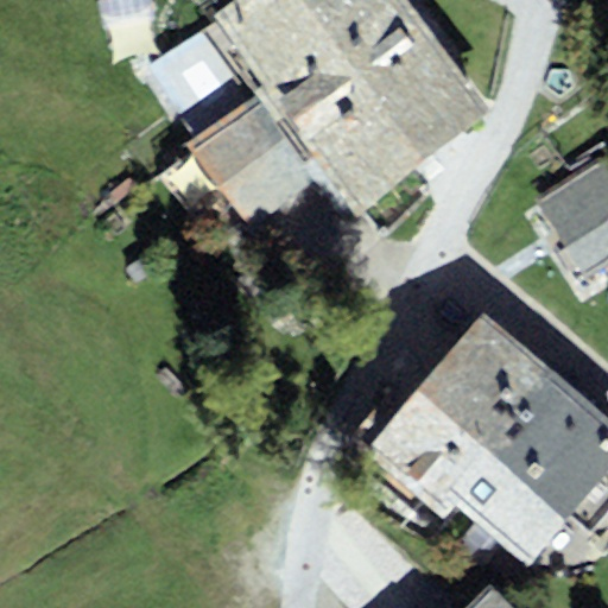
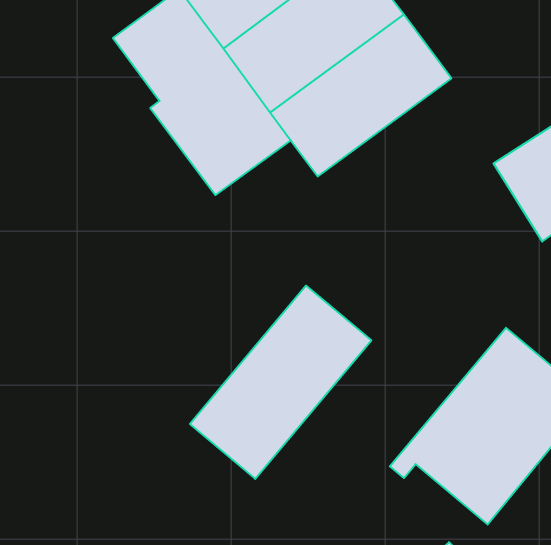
building: [363,310,549,507] -> [190,286,371,479]

